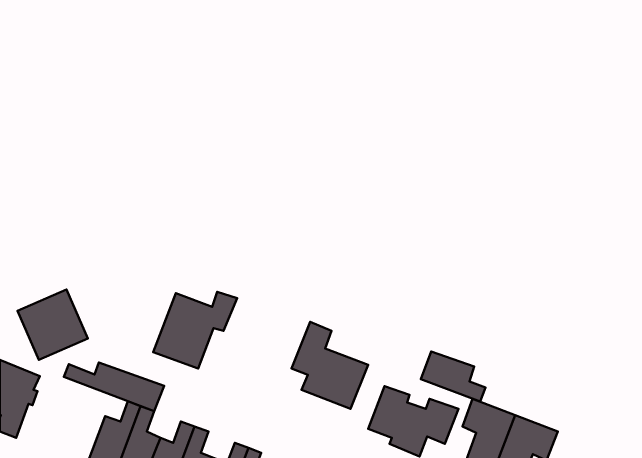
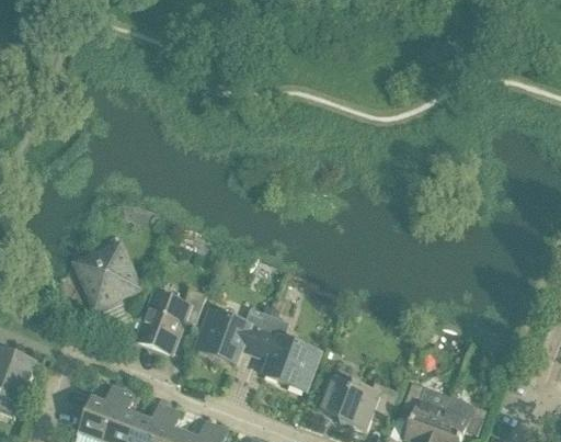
building: [17,290,88,360] -> [77,245,138,306]
building: none -> [195,308,271,363]
building: [421,352,486,402] -> none
building: [64,363,164,411] -> none

